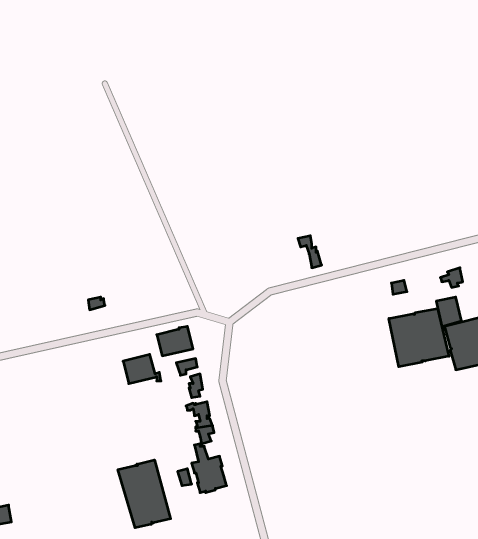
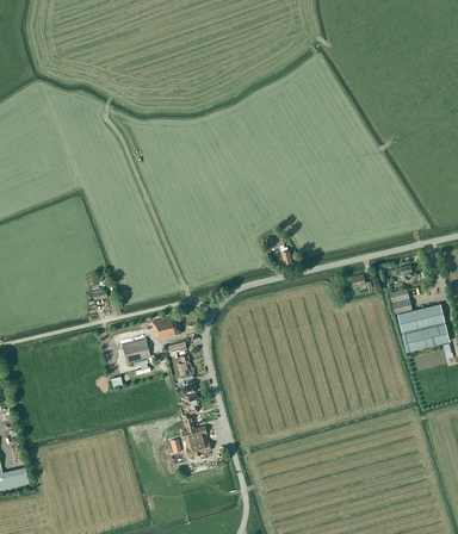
building: [389,309,449,367] -> none
building: [118,460,171,528] -> none

